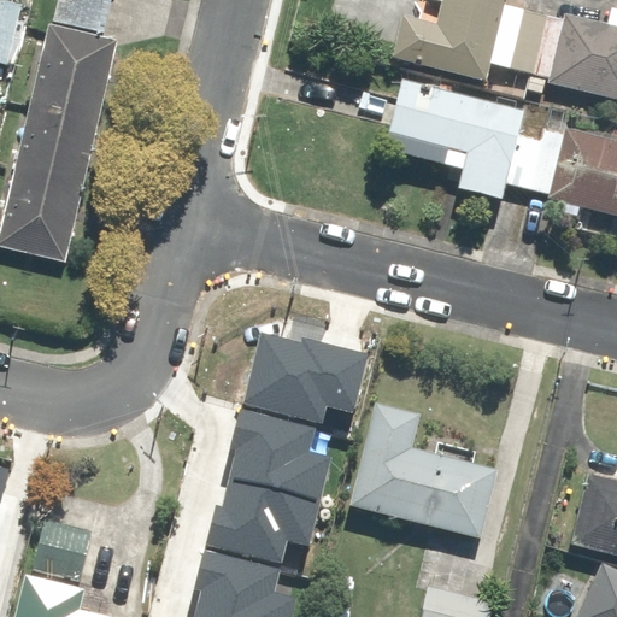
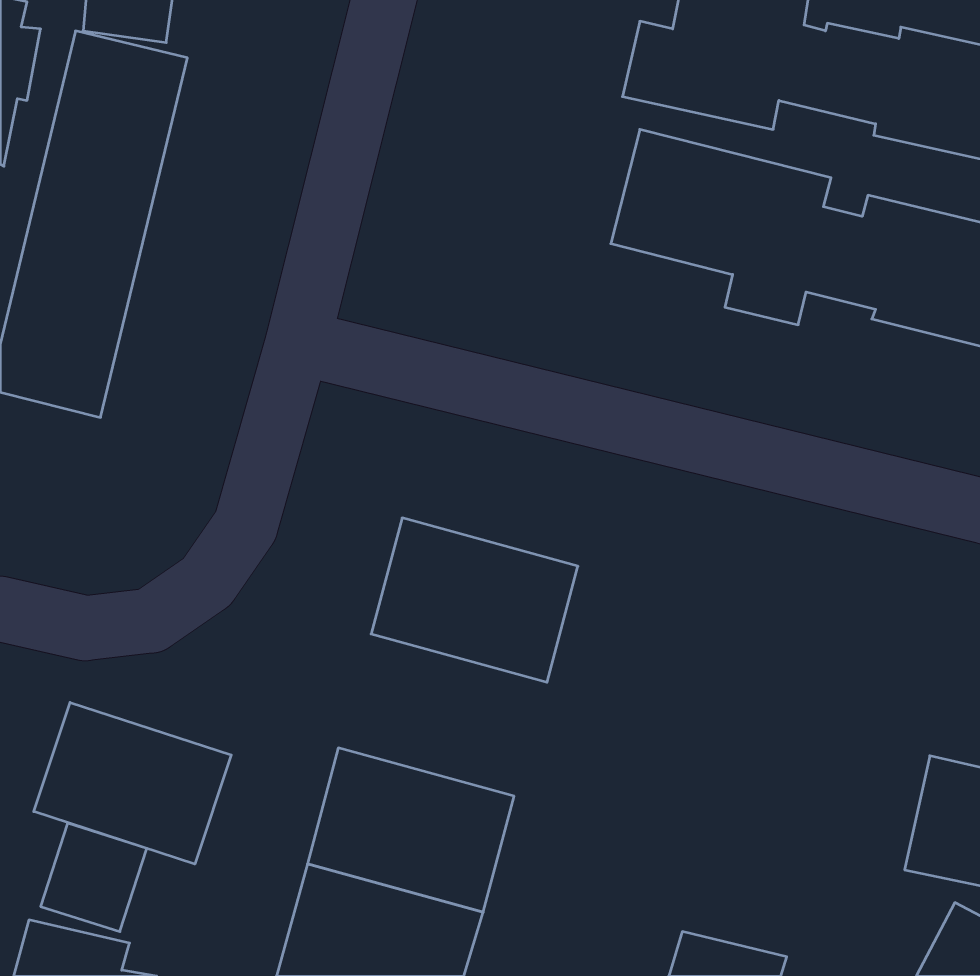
building: [216,395,346,496] -> none
building: [349,402,493,535] -> none
building: none -> [34,702,231,864]

